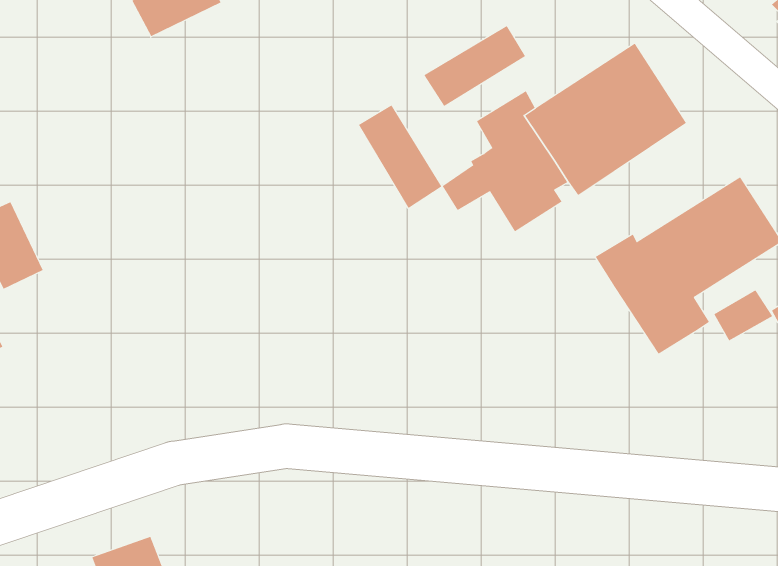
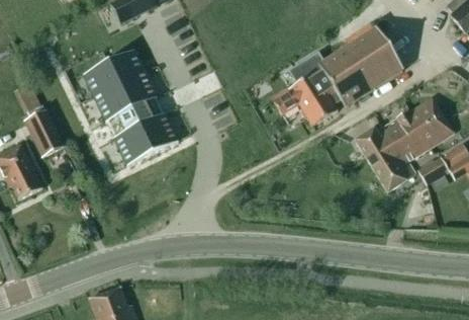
building: [423,25,526,107] -> none
building: none -> [82,50,177,165]
building: [358,104,442,209] -> none

